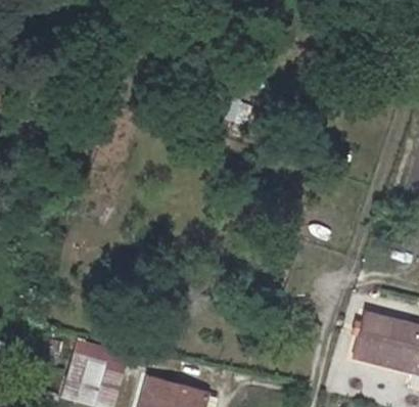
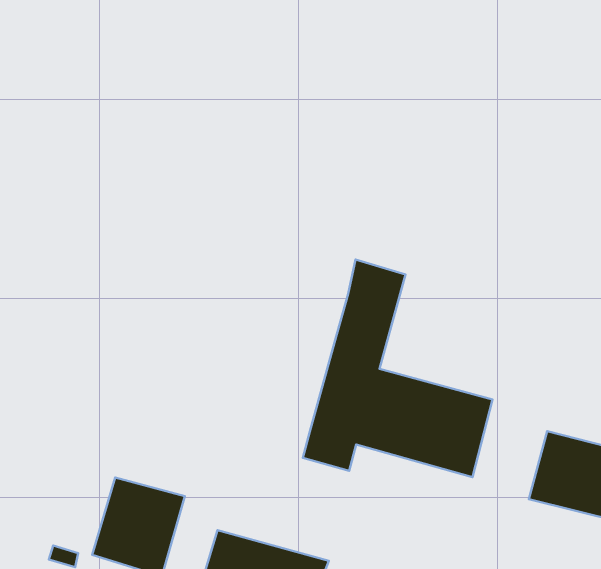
building: none -> [303,260,492,477]

